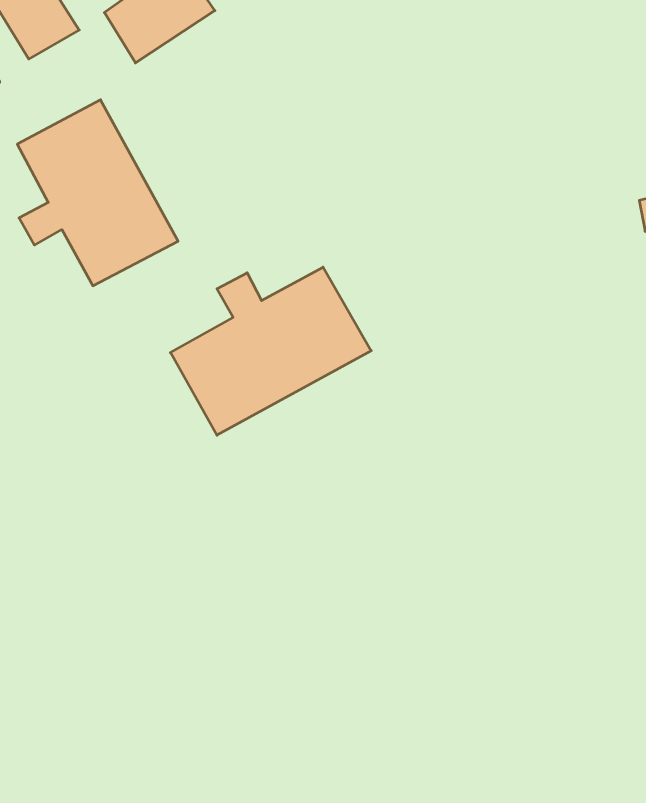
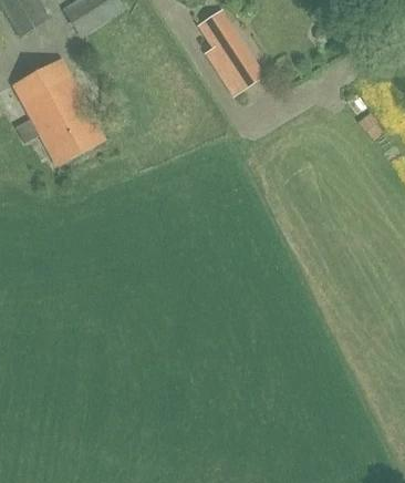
building: none -> [198,11,256,84]
building: [170,267,371,435] -> none

